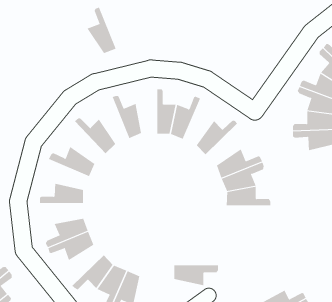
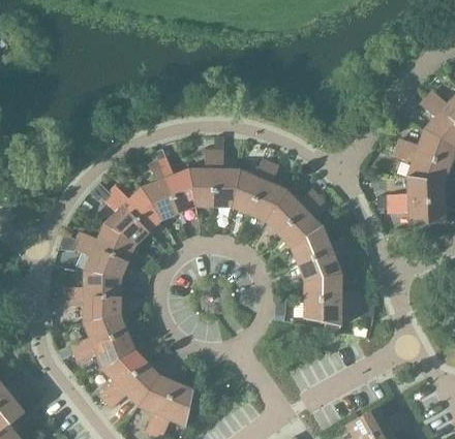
building: [87,7,117,54] -> [141,160,179,220]
building: none -> [188,150,214,208]
building: none -> [248,162,287,222]
building: none -> [103,191,149,246]
building: none -> [277,194,324,248]
building: none -> [73,240,128,279]
building: none -> [63,296,121,322]
building: none -> [101,349,147,402]
building: [174,265,219,286] -> [303,300,361,326]

